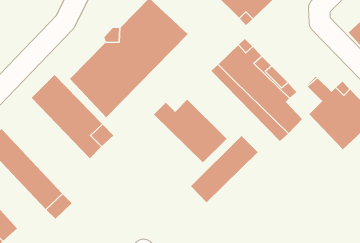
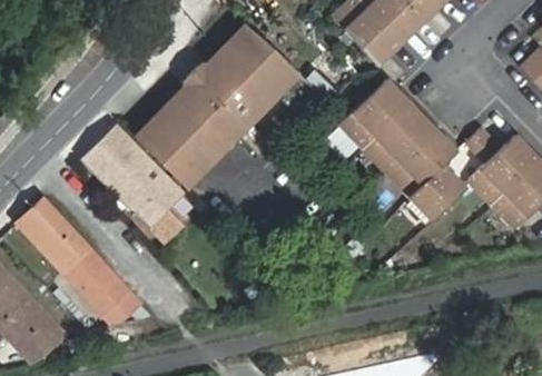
building: [153,99,228,163] -> none
building: [190,135,259,203] -> none

